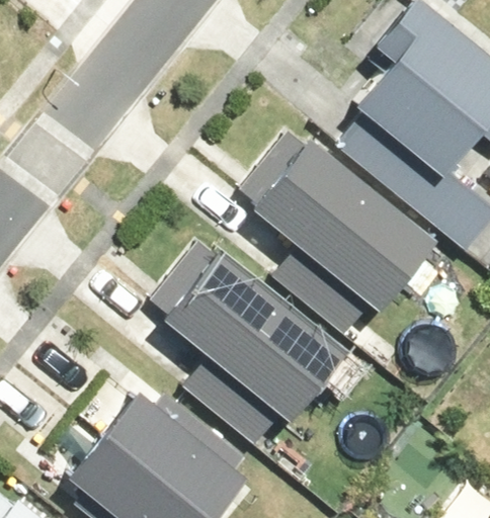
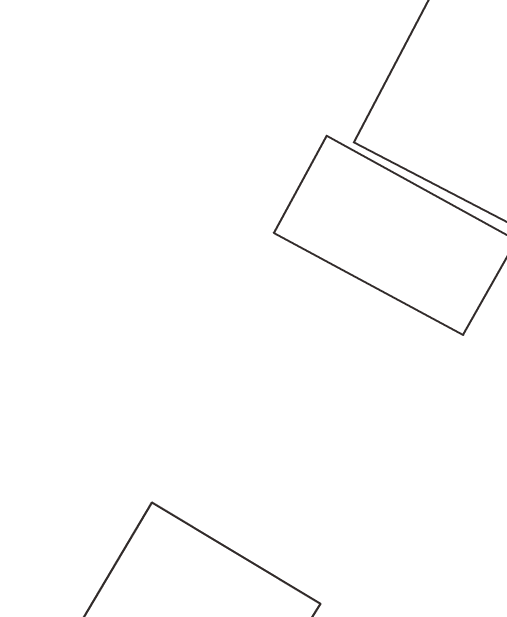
building: [164,252,343,419] -> none

